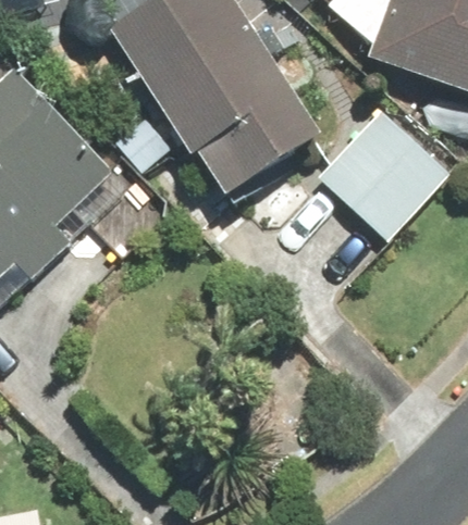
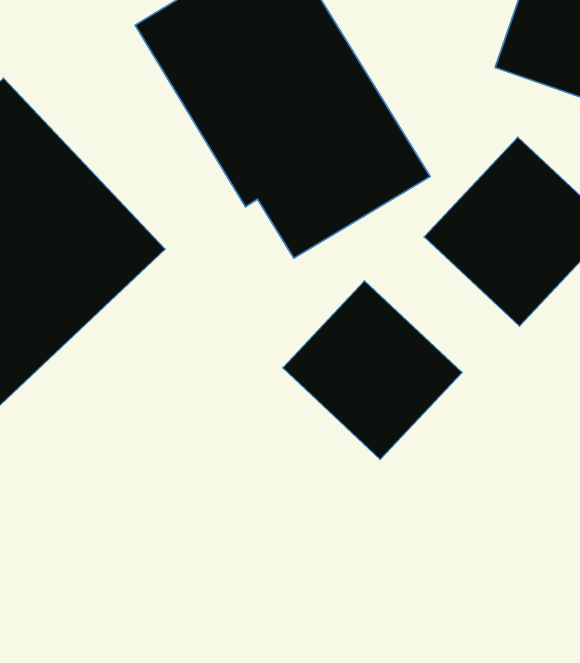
building: none -> [283,281,462,460]

